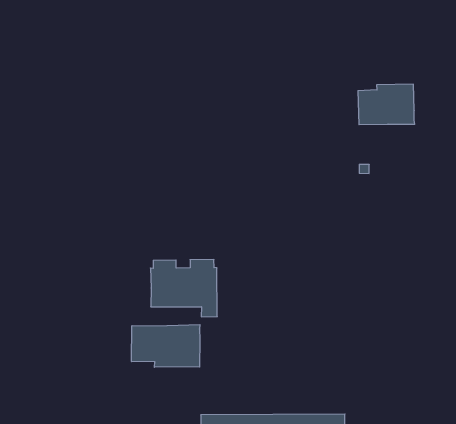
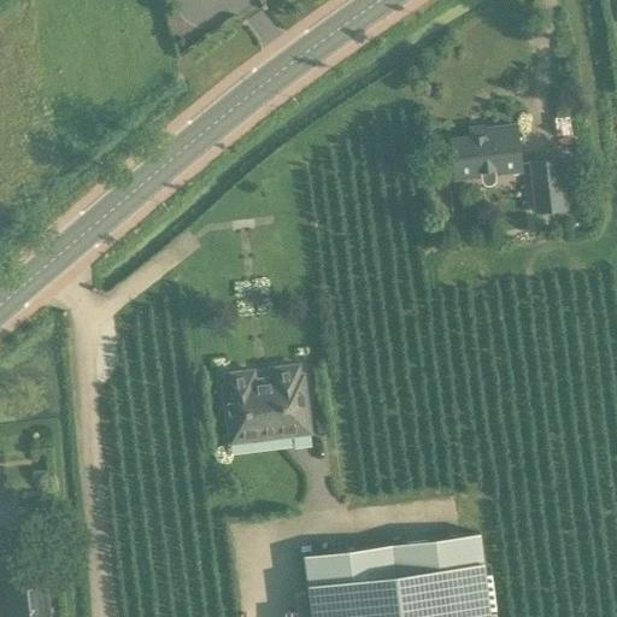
building: none -> [529,159,569,217]
building: [132,325,200,367] -> none

